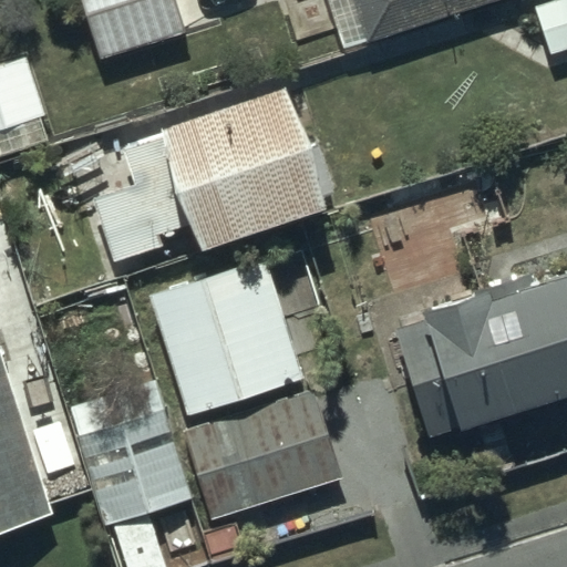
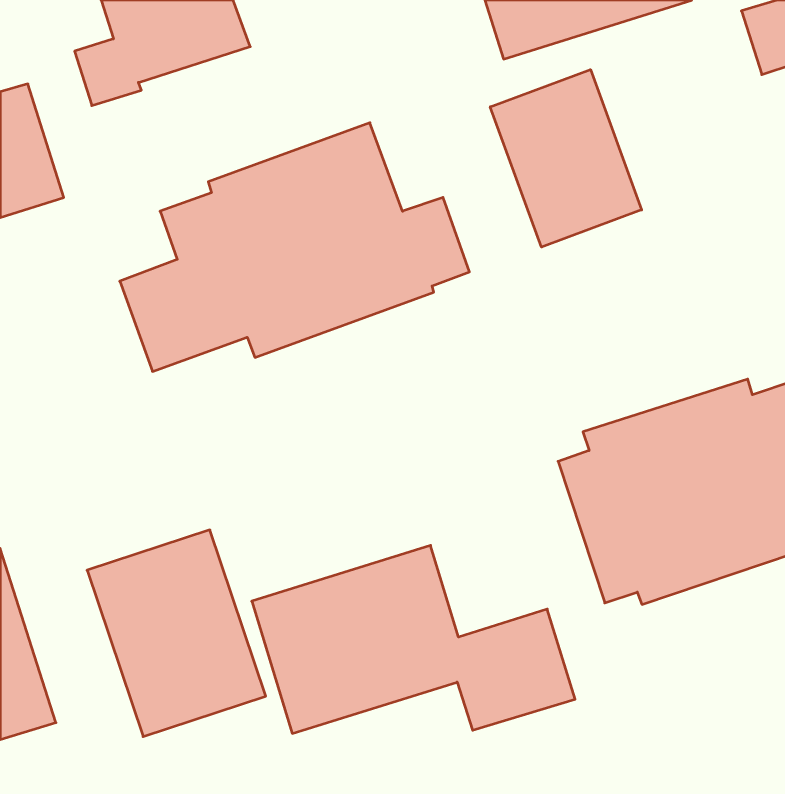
building: none -> [490,70,642,247]
building: [145,260,298,416] -> none

